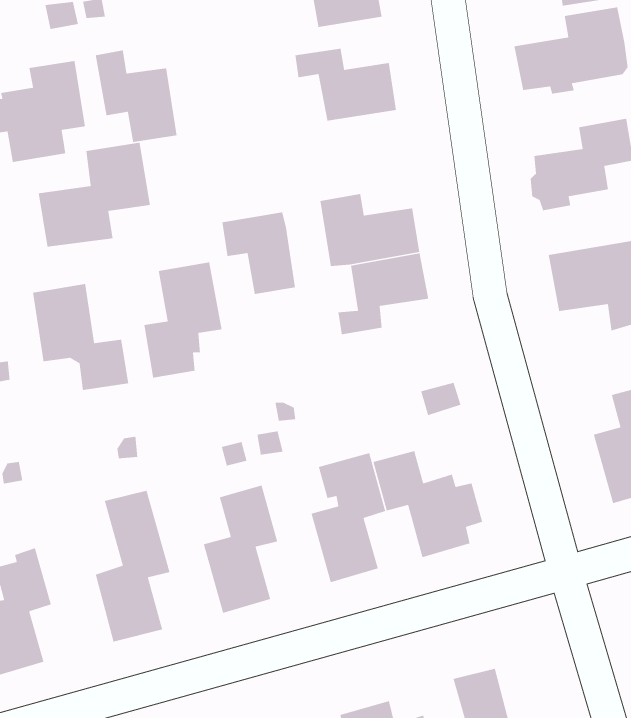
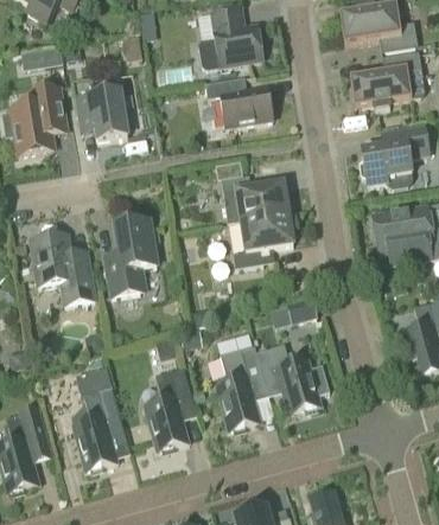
building: [38,142,151,247] -> none
building: [221,211,296,295] -> none

